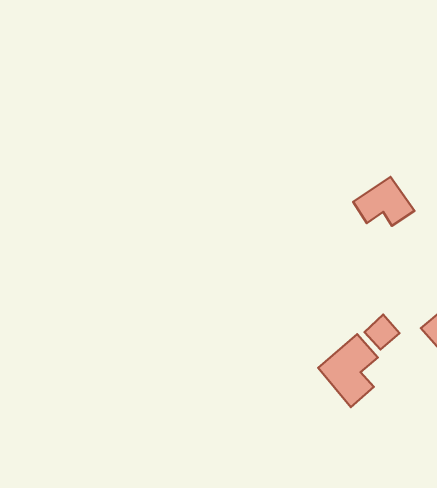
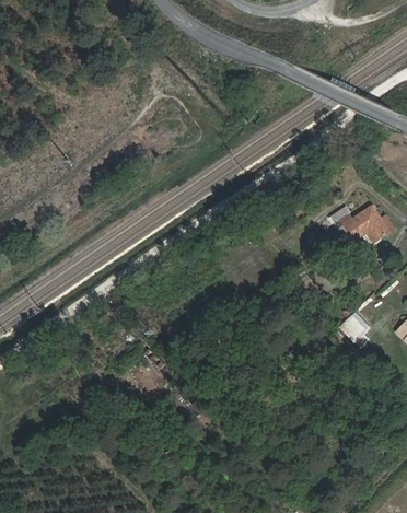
building: [318,334,378,407] -> none

